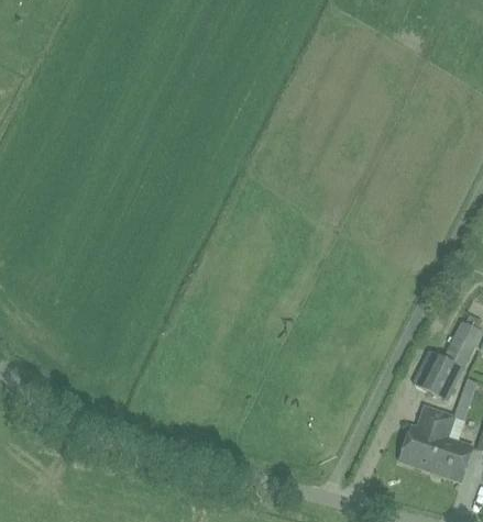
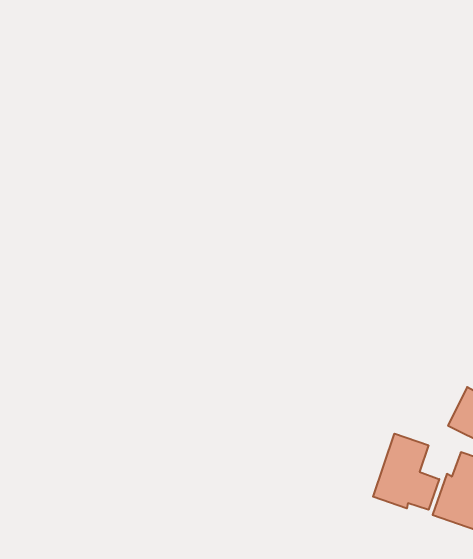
building: none -> [373,434,439,510]

